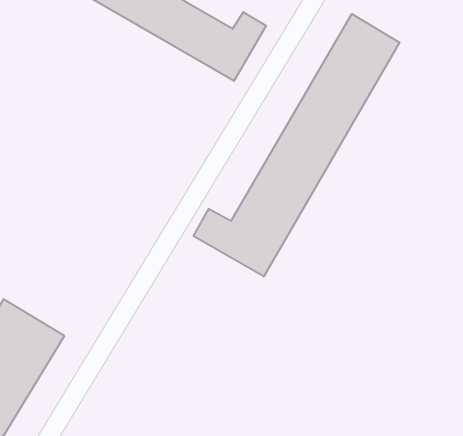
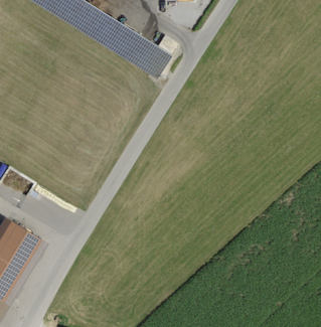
building: [194,14,400,277] -> none

